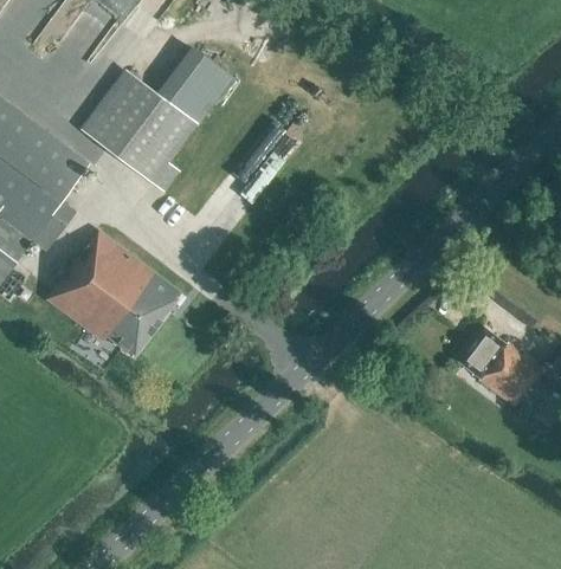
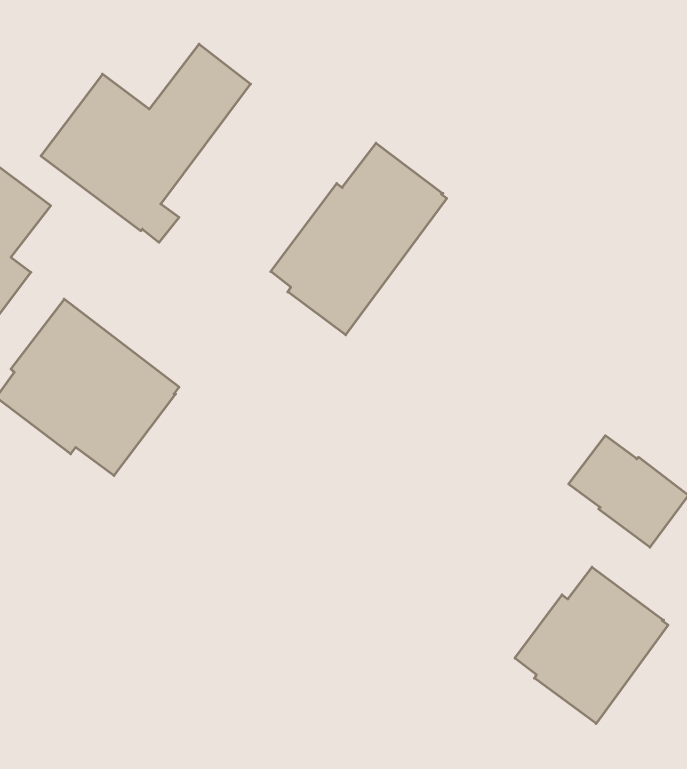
building: none -> [271,143,447,335]
building: none -> [515,567,668,724]

